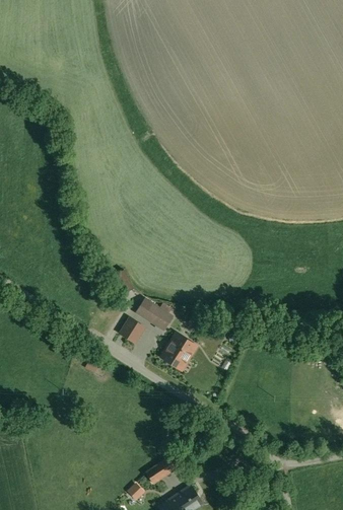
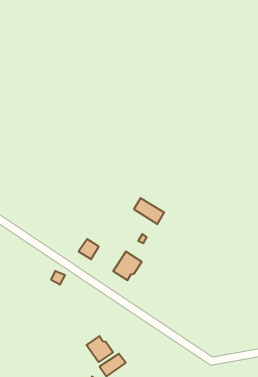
building: [136,300,173,332] -> [134,198,164,224]
building: none -> [87,336,113,362]

